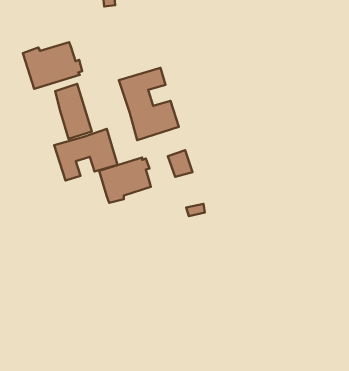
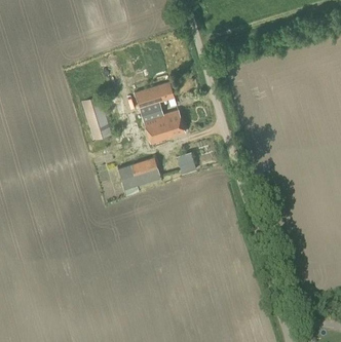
building: [23,42,82,89] -> none
building: [54,129,117,181] -> none

